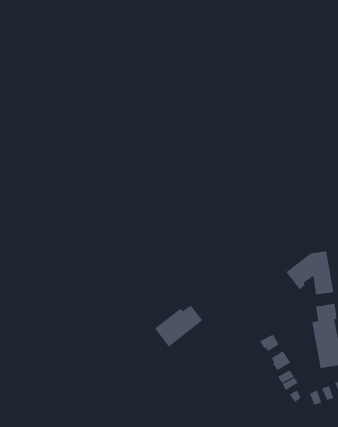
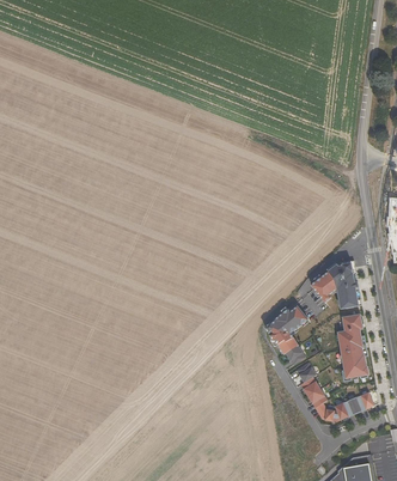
building: [154,305,203,347] -> [261,306,310,349]

